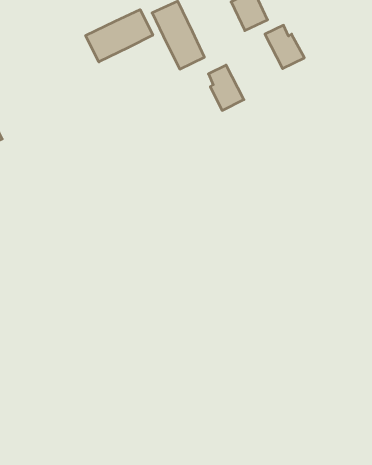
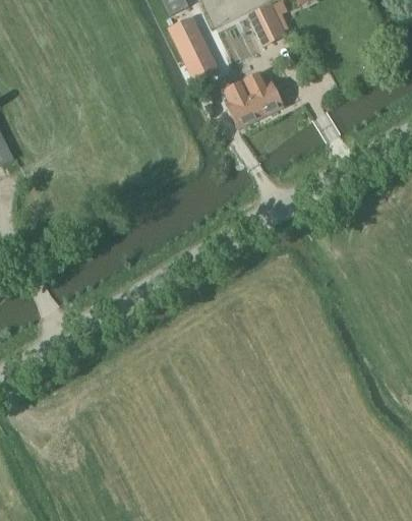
building: [86,10,153,62] -> none
building: [265,25,304,69] -> [242,70,283,115]

